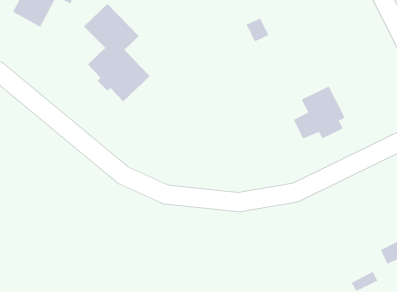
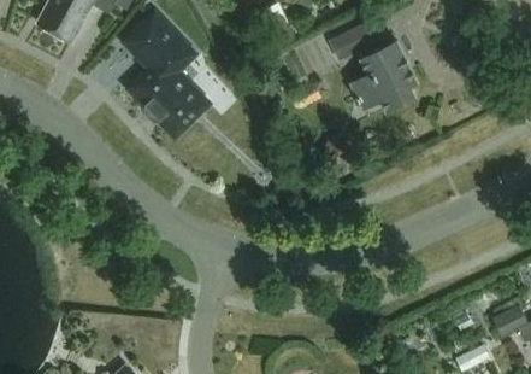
building: [293,86,346,139] -> [352,42,417,109]

